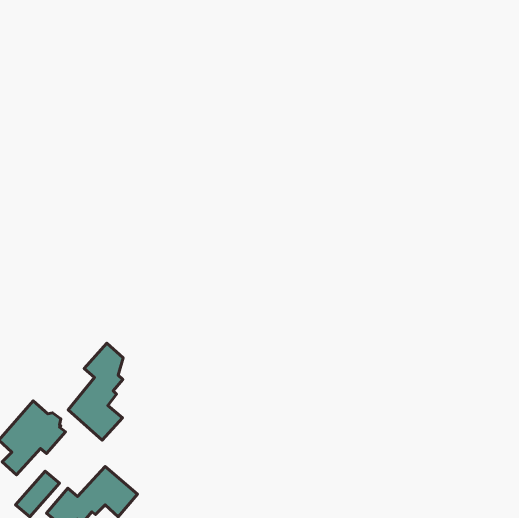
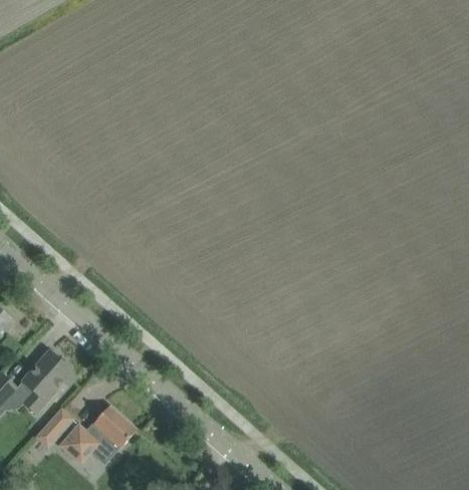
building: [68,343,123,440] -> none

